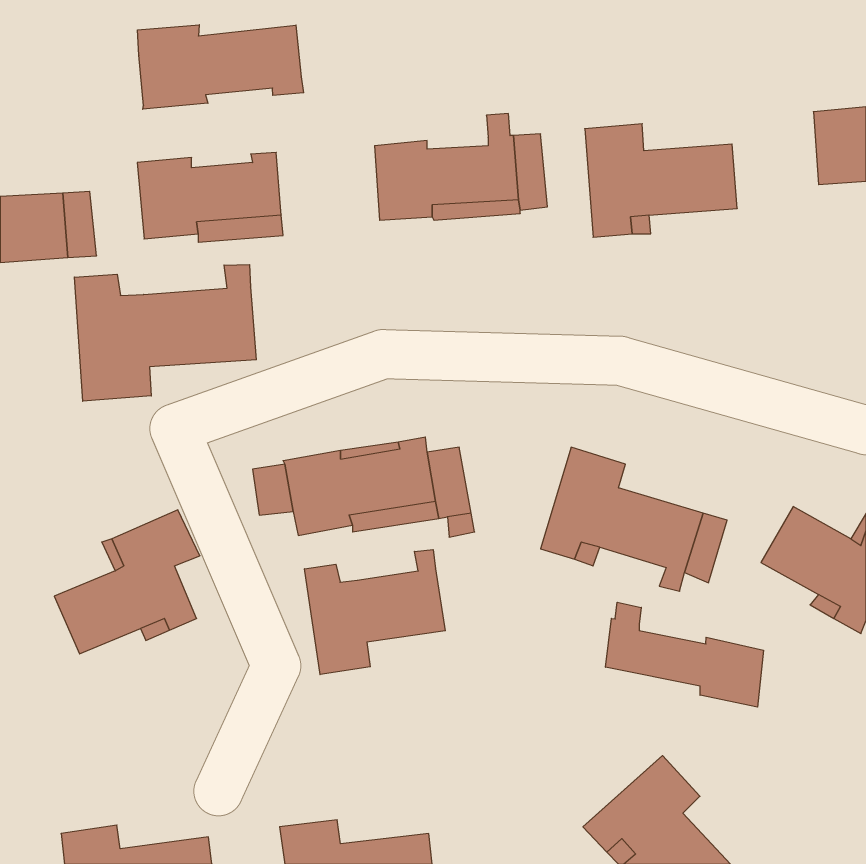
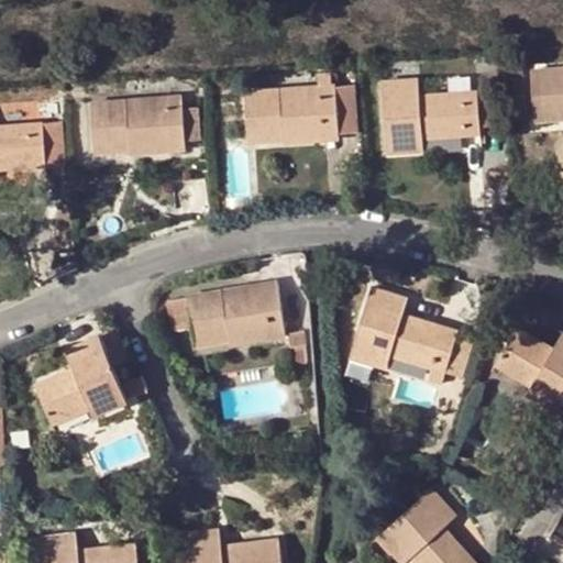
building: [138,25,304,109] -> none
building: [74,265,256,401] -> none
building: [305,550,445,675] -> none
building: [606,602,763,707] -> none

